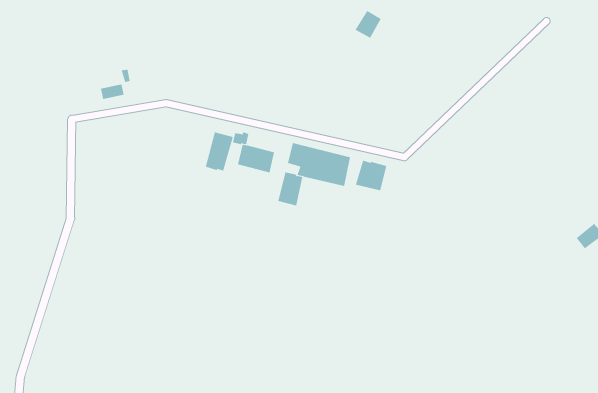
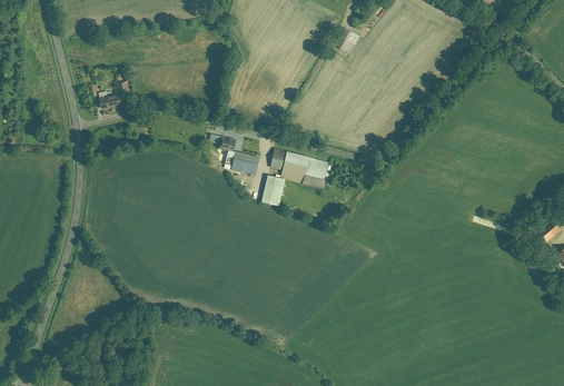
building: [205,132,234,171] -> none
building: [355,160,387,191] -> none

